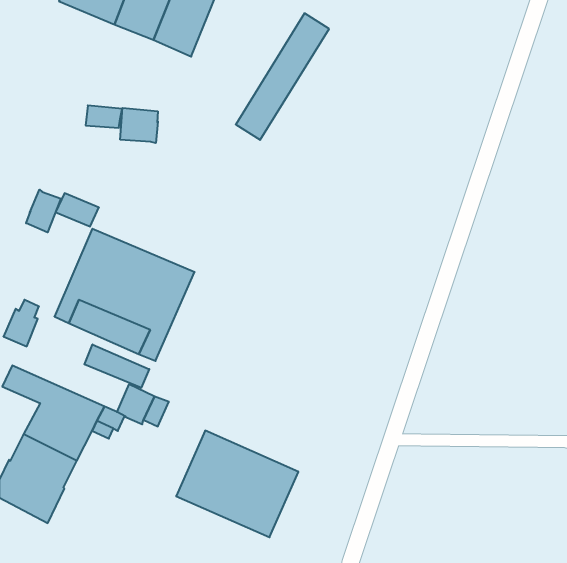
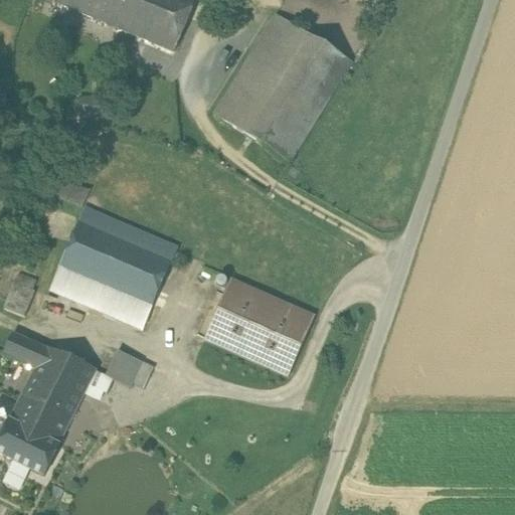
building: none -> [235,26,352,160]
building: [120,108,158,143] -> none
building: [26,190,61,232] -> none
building: [84,344,149,388] -> none
building: [176,431,298,537] -> [203,278,314,374]

